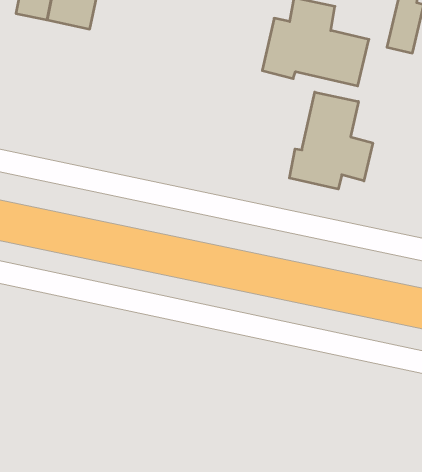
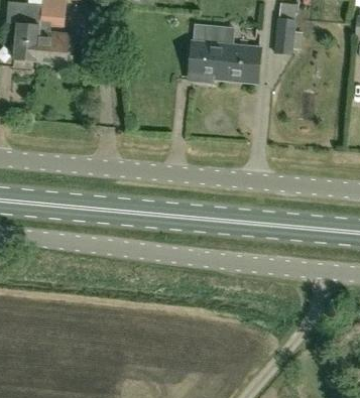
building: [289,92,373,189] -> none

